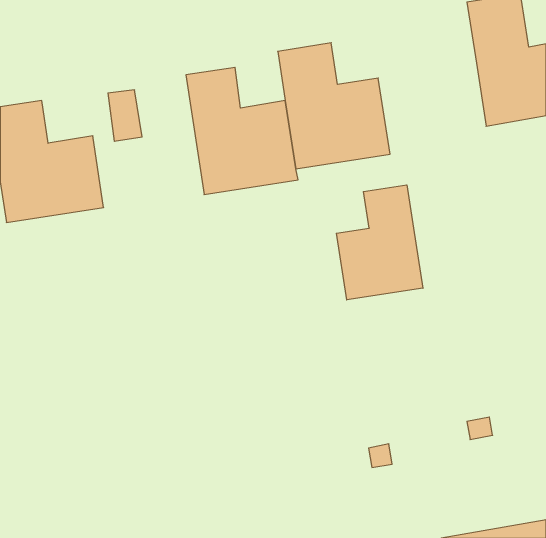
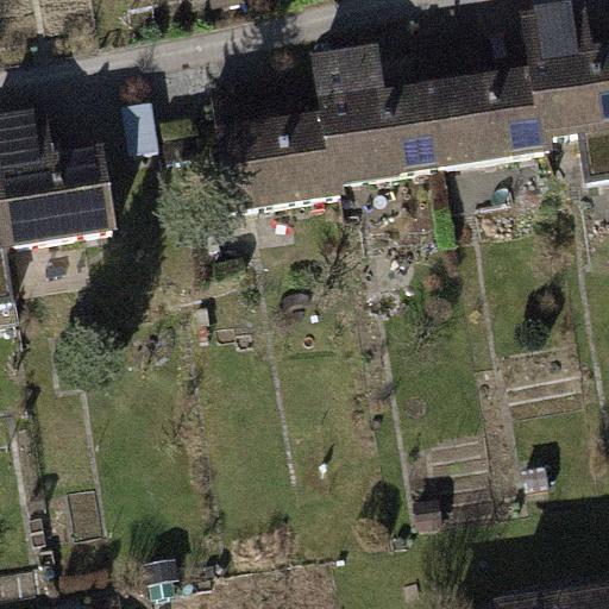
building: none -> [414,33,544,171]
building: [336,185,423,300] -> none

